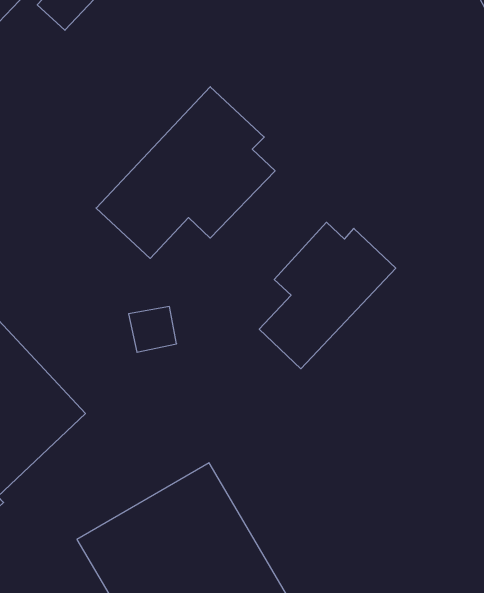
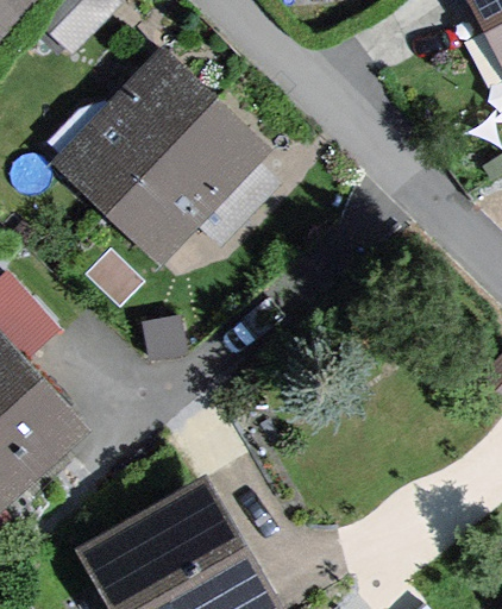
building: none -> [39,45,213,220]
building: [259,222,396,369] -> none

